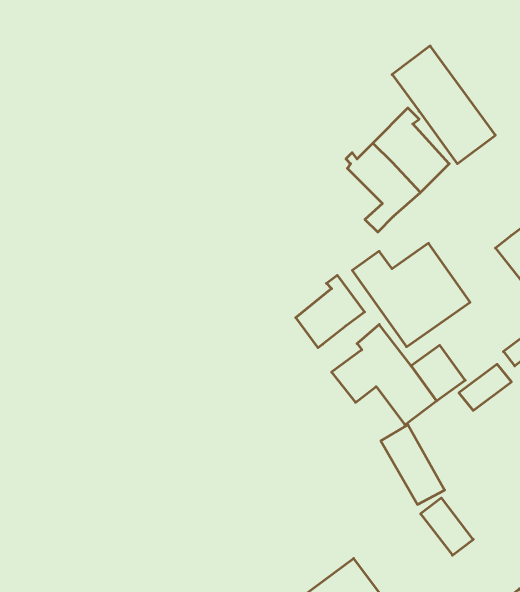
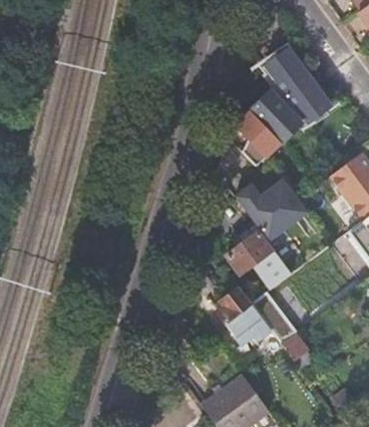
building: [296,275,365,348] -> none
building: none -> [216,290,261,338]

